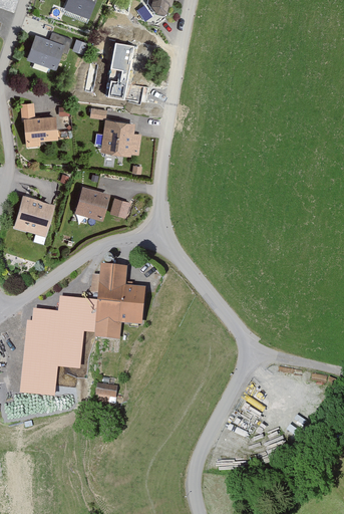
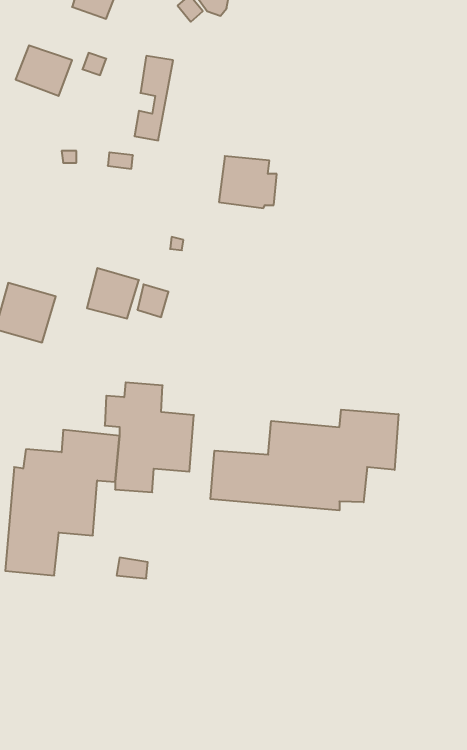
building: [21,103,56,146] -> none
building: [100,120,139,156] -> [219,156,277,208]
building: none -> [210,410,398,510]

